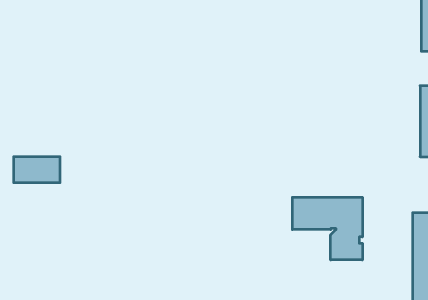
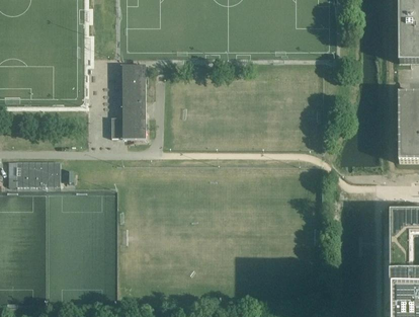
building: none -> [110,62,145,136]
building: [292,197,362,260] -> none

